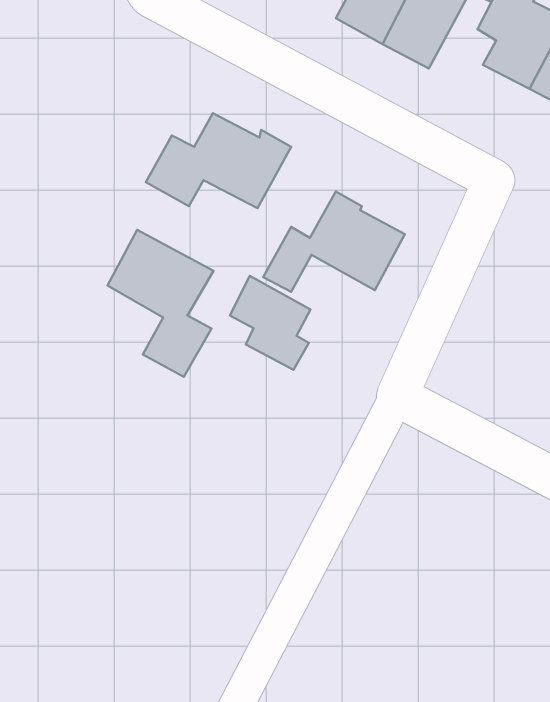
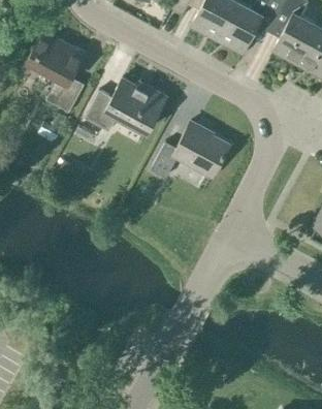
building: [107,230,214,377] -> [26,31,85,113]
building: [230,276,310,370] -> none

